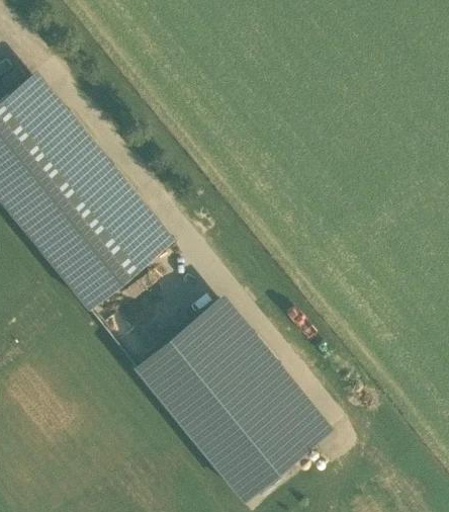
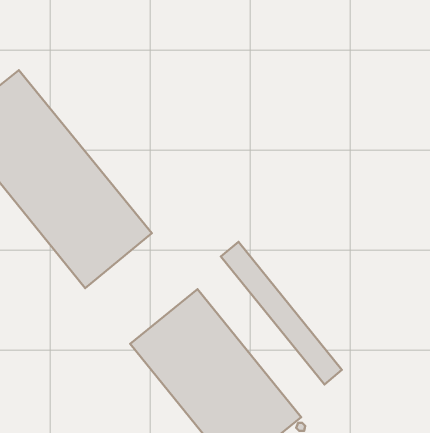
building: [21,73,175,255] -> none
building: [206,297,332,445] -> [221,242,342,385]

